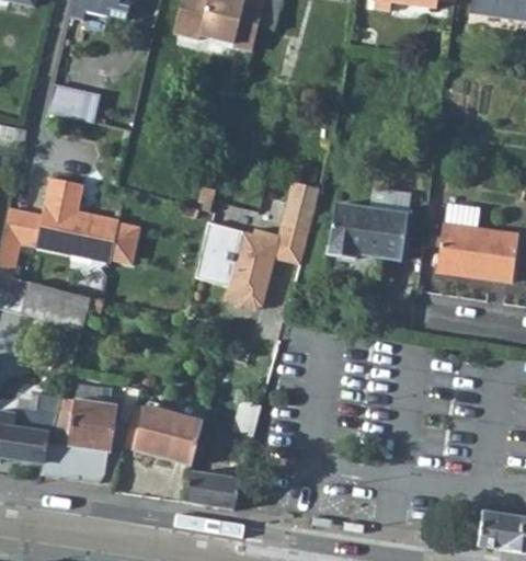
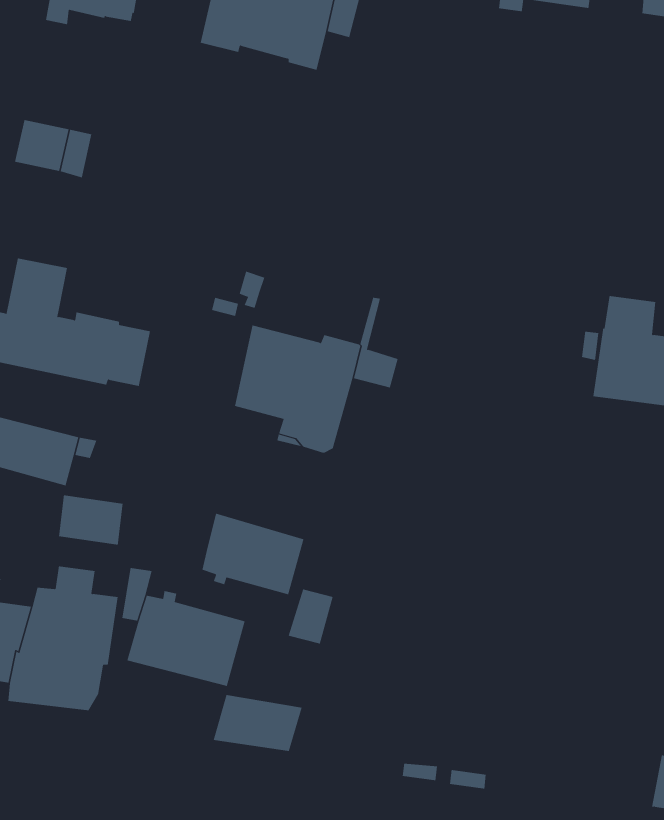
building: [285,181,320,244] -> none
building: [327,203,408,260] -> none
building: none -> [58,495,123,545]
building: none -> [202,513,304,595]

